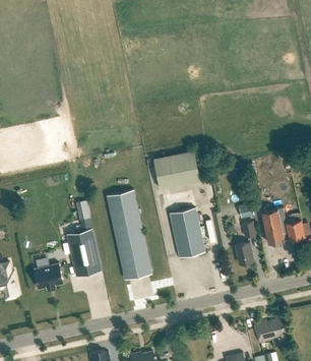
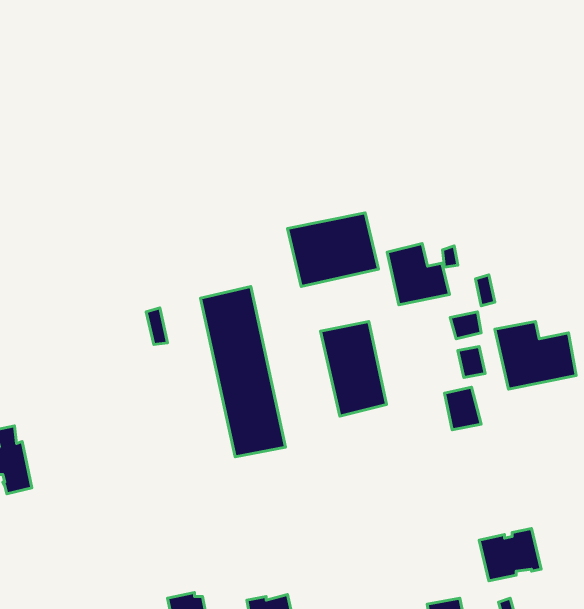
building: none -> [387,244,449,305]
building: [66,229,101,277] -> none
building: [34,263,63,289] -> none

